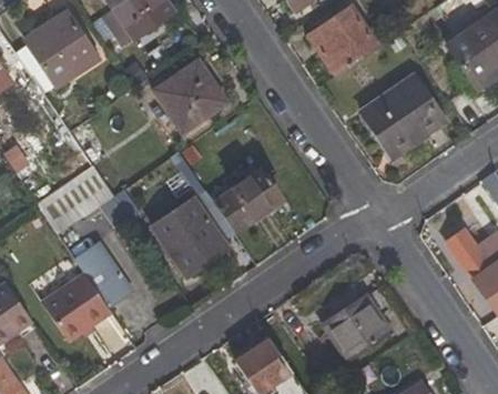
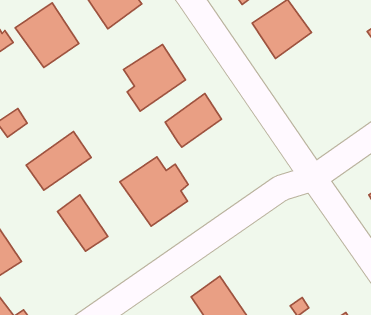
building: [359,73,445,158] -> none
building: [215,169,283,233] -> [165,93,222,147]
building: [43,274,111,341] -> none
building: [323,296,393,361] -> none

